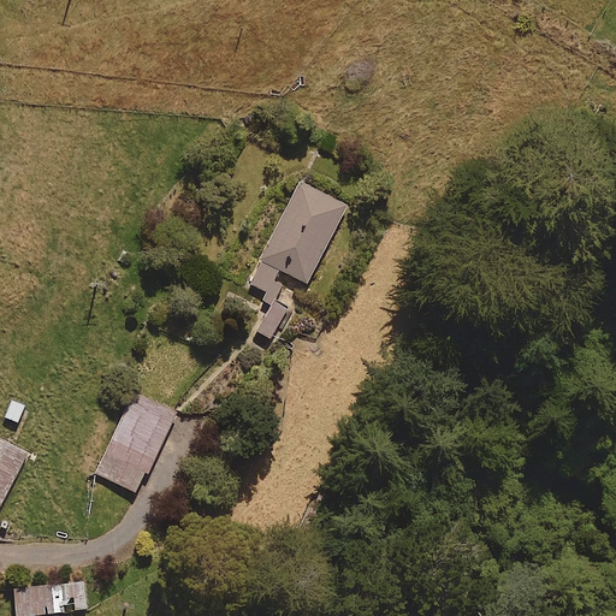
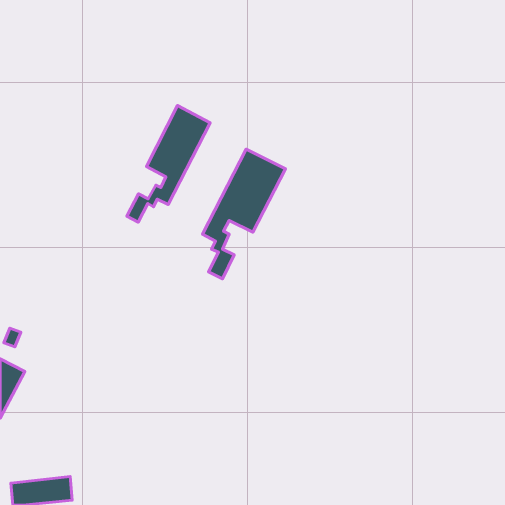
building: none -> [127,106,210,222]
building: [94,391,177,493] -> none

